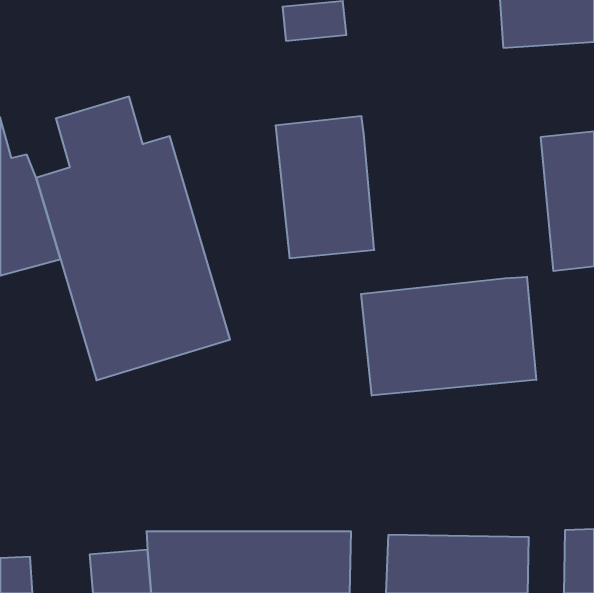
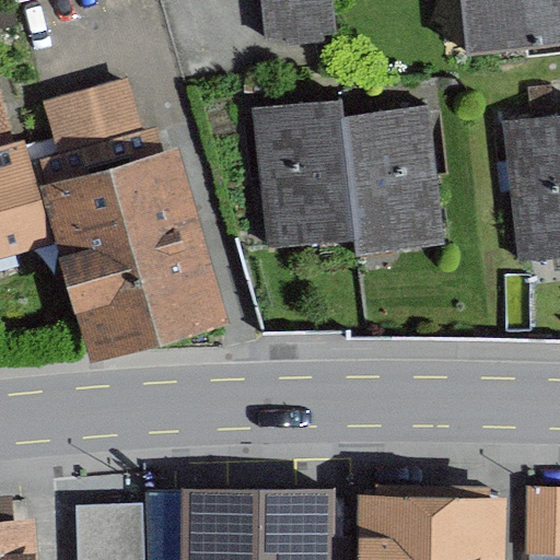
building: none -> [342,118,435,248]
building: [361,277,536,396] -> none

